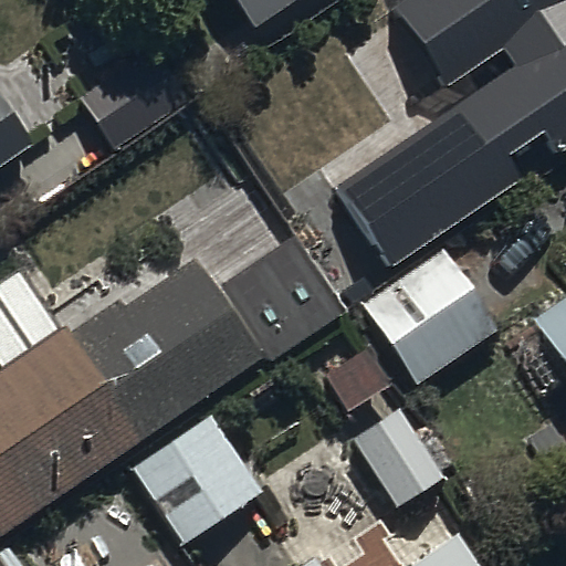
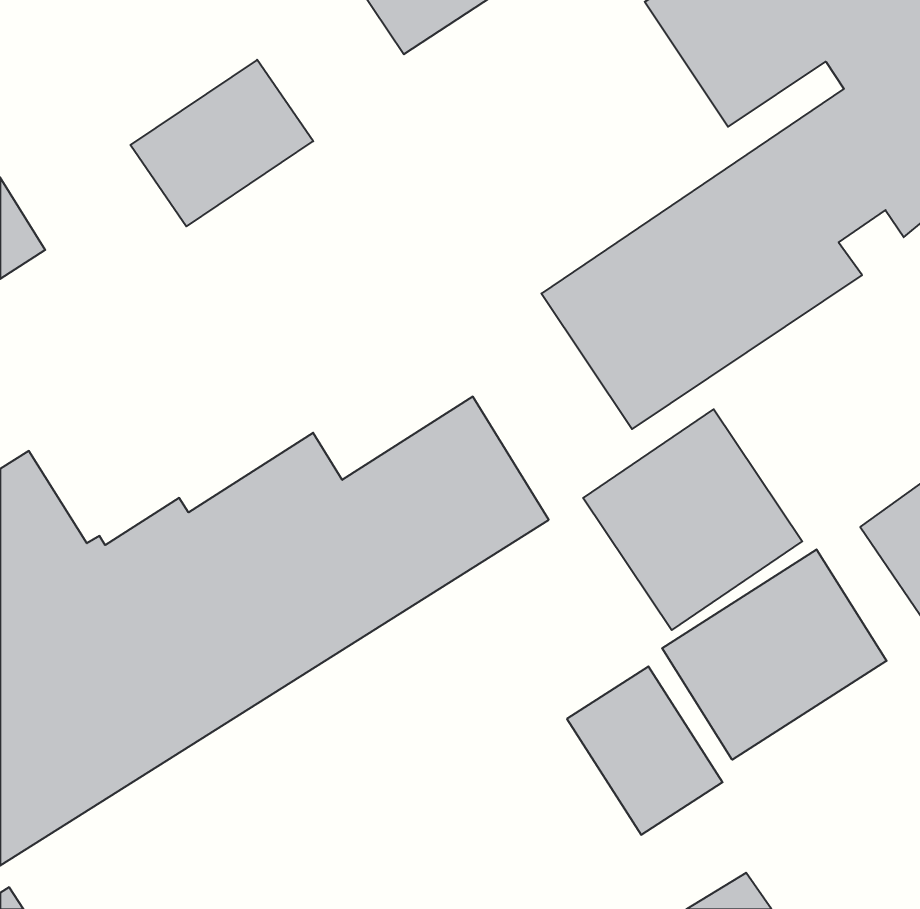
building: none -> [662,549,887,760]
building: [128,412,263,548] -> none

